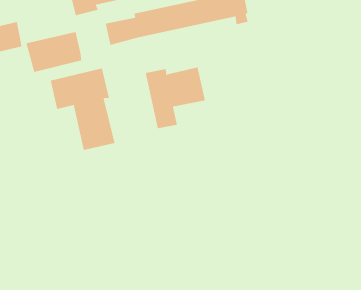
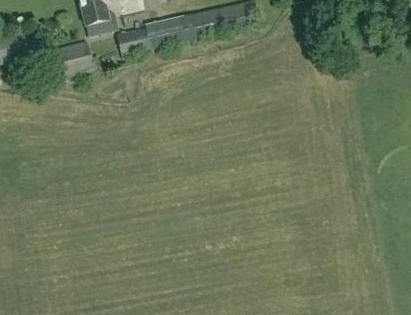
building: [145,66,206,129] -> none
building: [50,68,115,151] -> none

